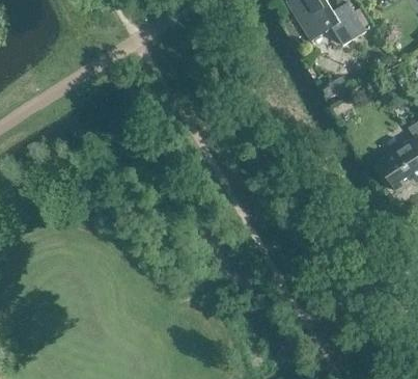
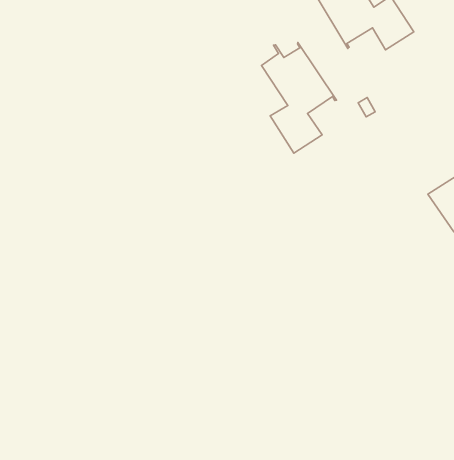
building: none -> [262,43,337,153]

